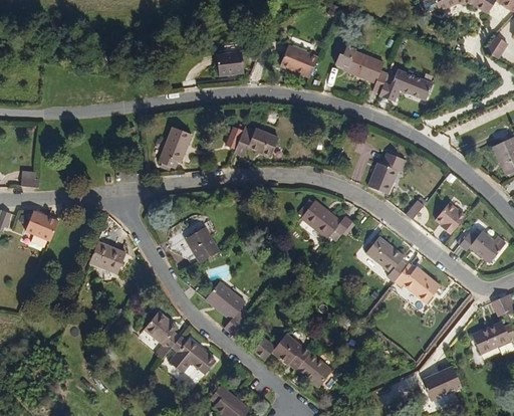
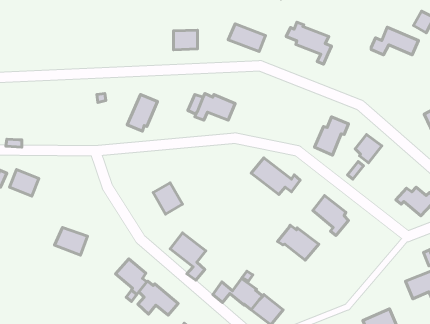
building: [378,68,432,99] -> [371,27,418,55]
building: [436,204,466,236] -> [355,134,382,163]
building: [89,241,126,272] -> [55,227,88,255]
building: [394,265,440,304] -> [278,225,319,260]

